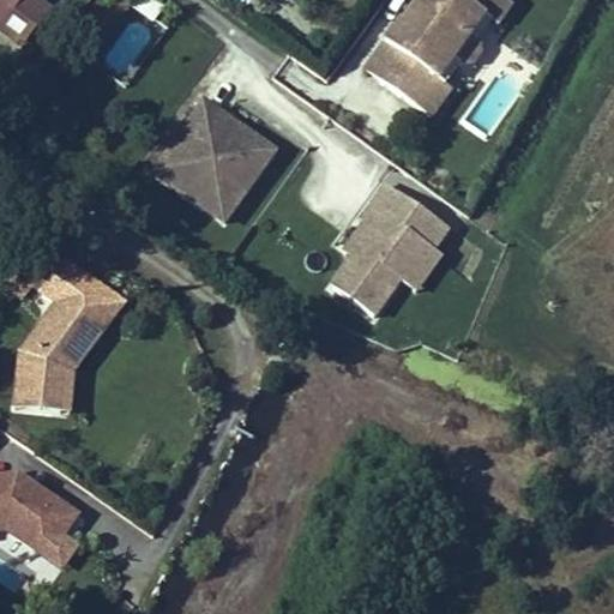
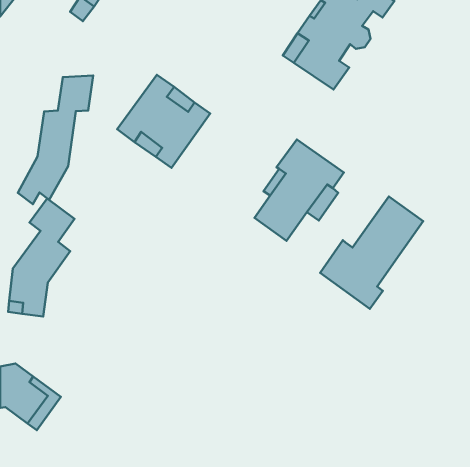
building: none -> [18,75,93,204]
building: none -> [320,197,423,309]
building: [58,284,122,413] -> none

